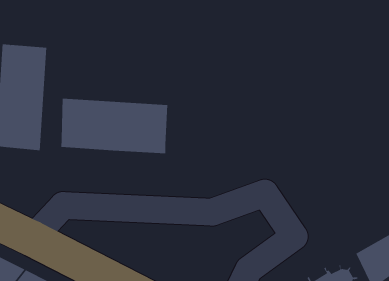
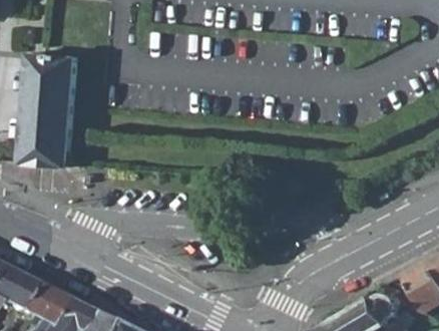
building: [61,98,168,154] -> none

